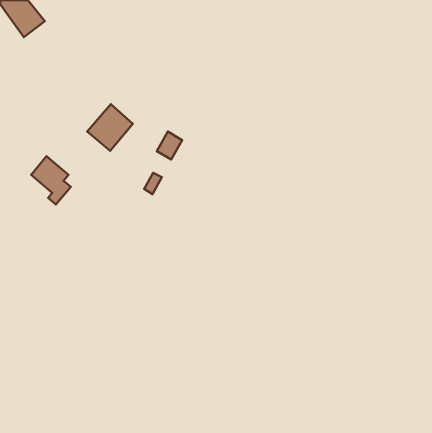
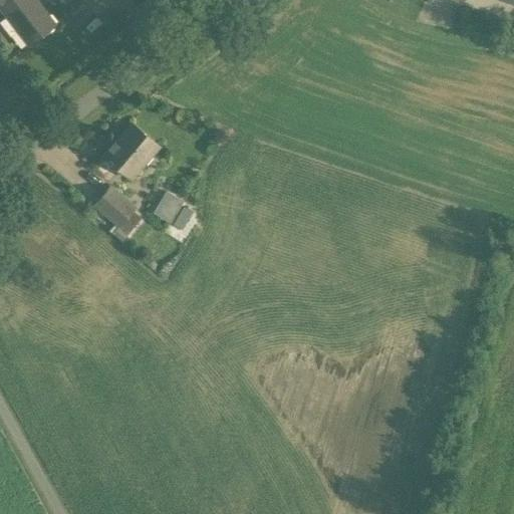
building: [157,132,182,160] -> [153,191,183,224]
building: [31,156,71,205] -> [93,184,141,241]

